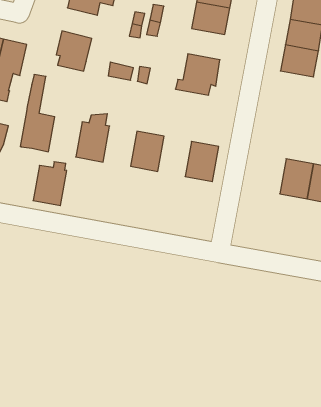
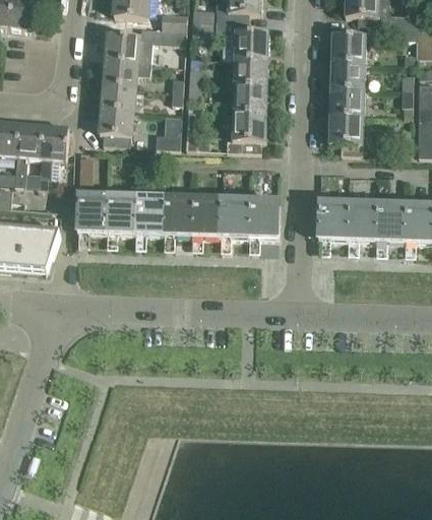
building: none -> [101,82,134,110]
building: none -> [232,84,266,112]
building: none -> [327,114,363,152]
building: none -> [163,196,192,234]
building: none -> [220,198,249,236]
building: none -> [317,201,348,239]
building: [33,162,67,206] -> [106,189,135,233]

